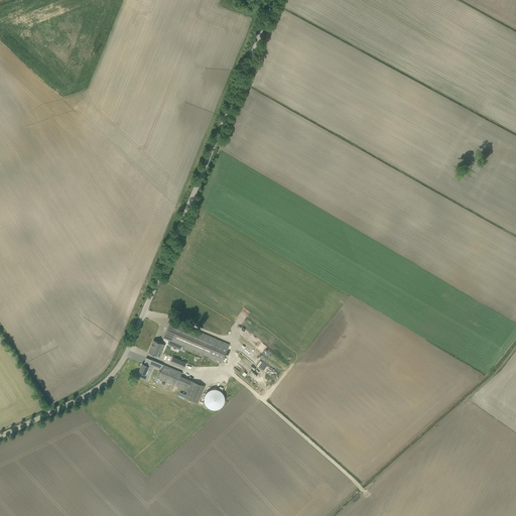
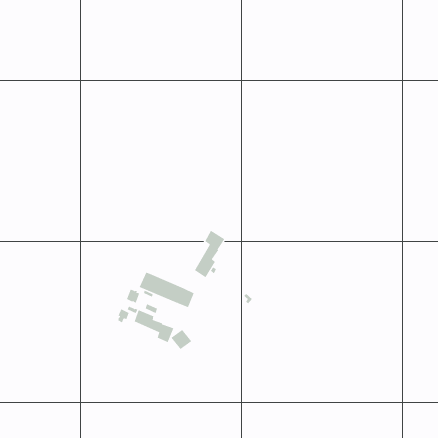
building: none -> [194,230,225,278]

